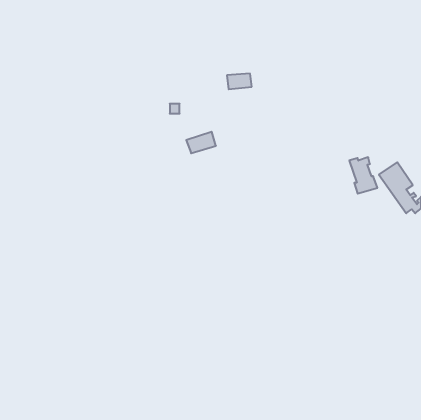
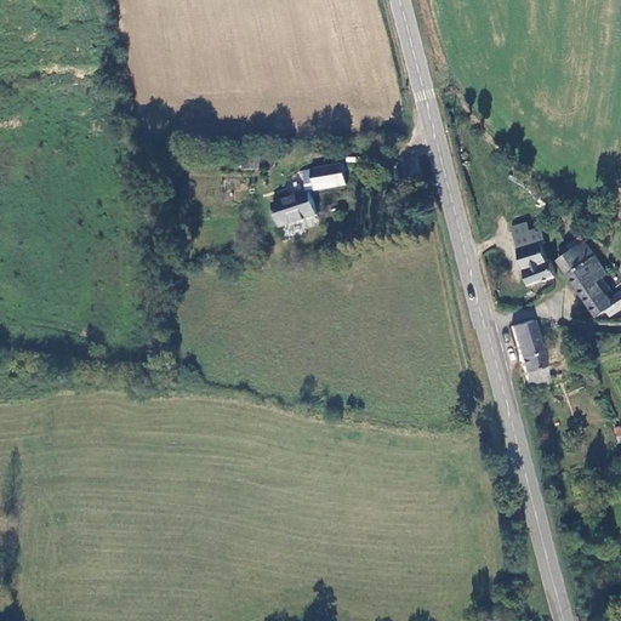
building: [227,74,252,89] -> [314,167,351,190]
building: none -> [512,323,546,383]

